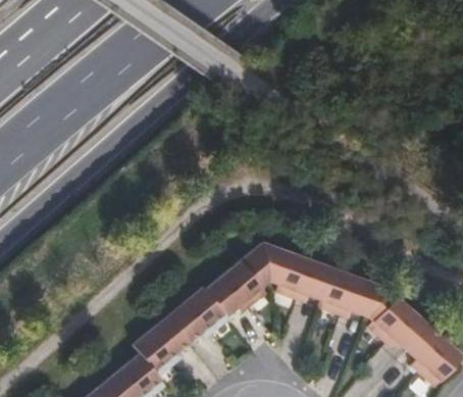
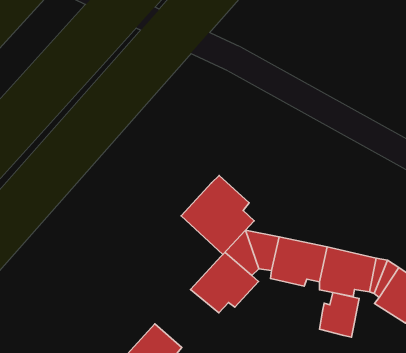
building: none -> [181,176,254,255]
building: [167,287,228,341] -> none
building: none -> [319,292,359,337]

